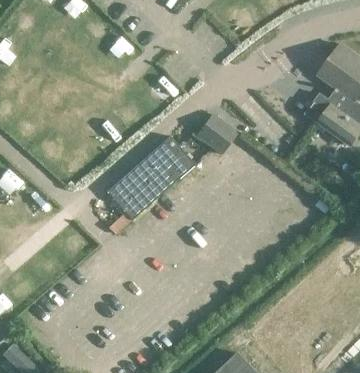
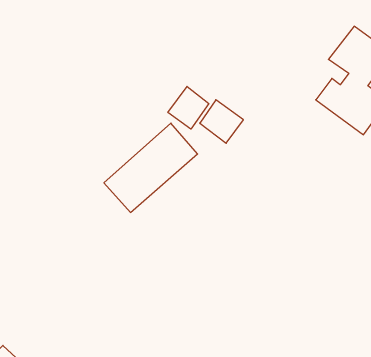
building: none -> [168,86,209,129]

